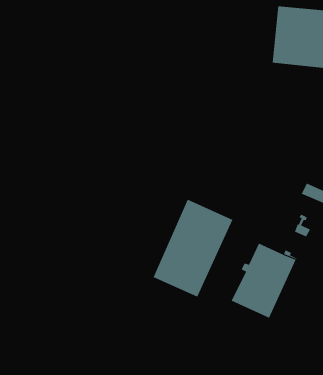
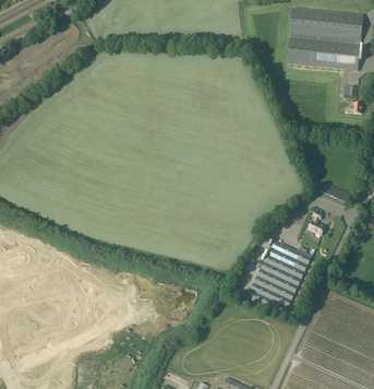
building: [153,199,233,297] -> none

